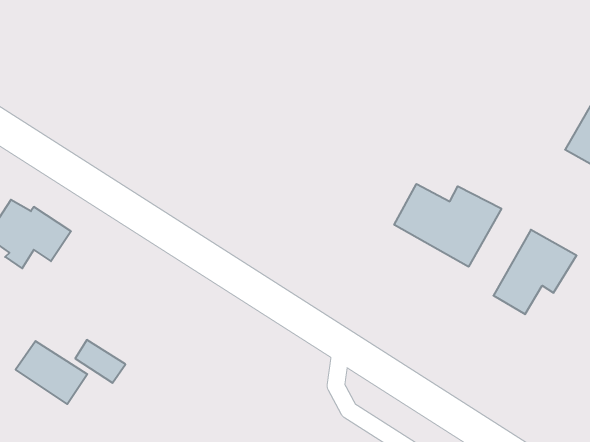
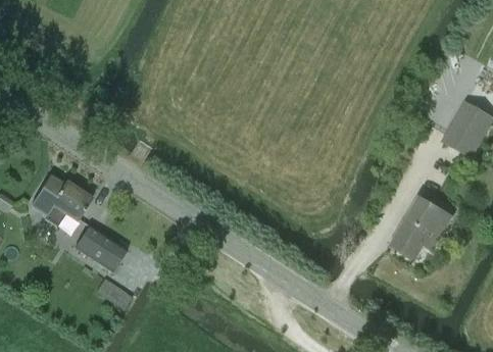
building: [394,184,501,267] -> none
building: [16,341,87,404] -> [75,224,126,269]

